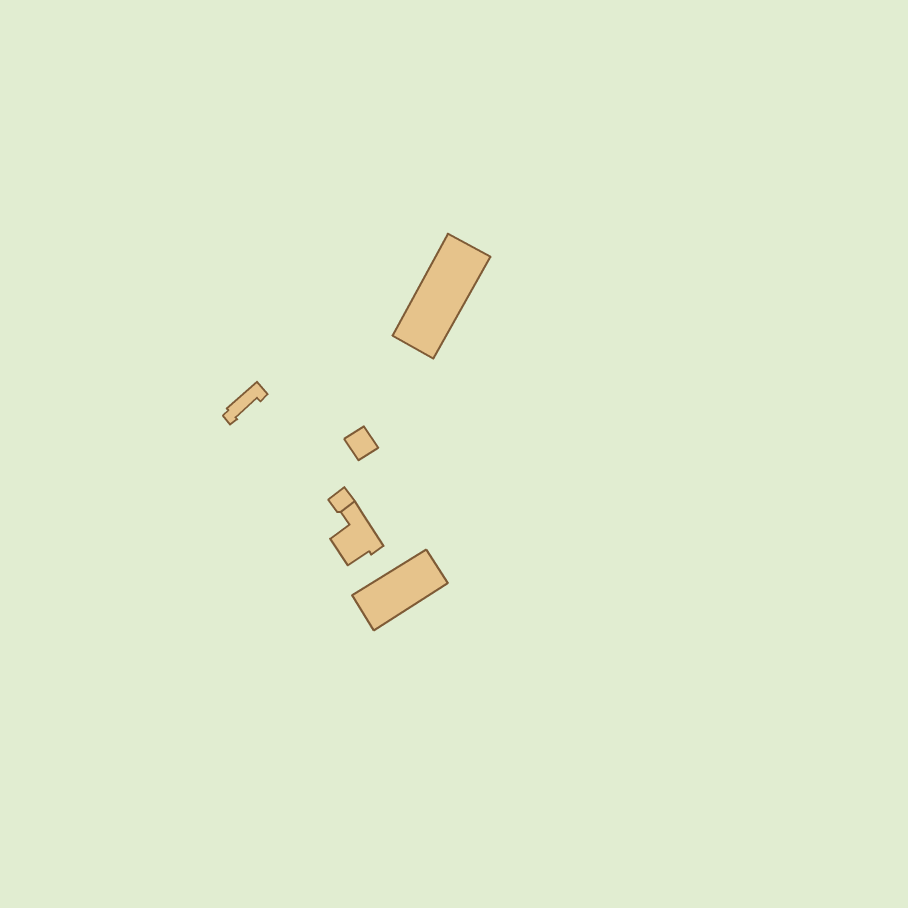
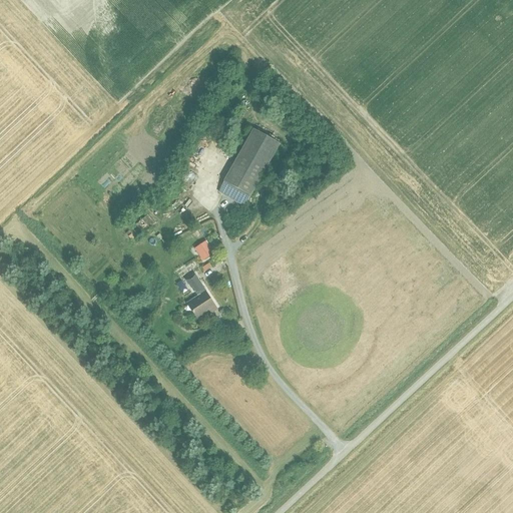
building: [352,550,448,630] -> none

